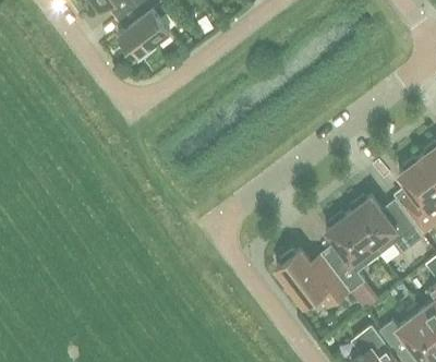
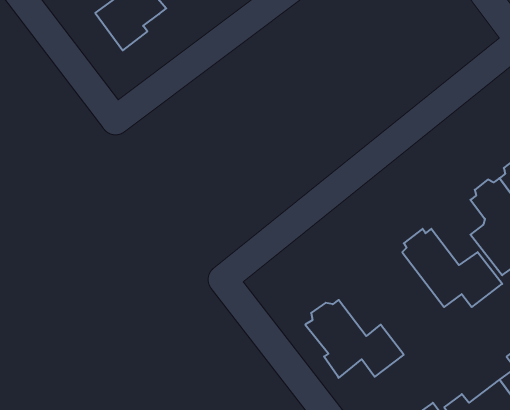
building: [326,213,380,310] -> none

